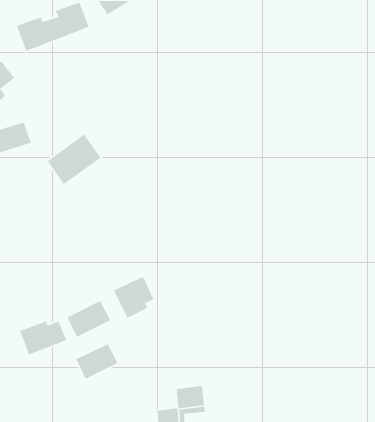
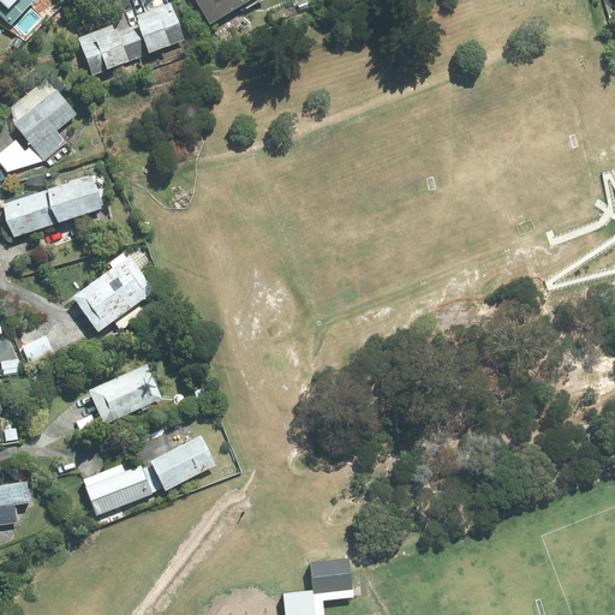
building: [47,134,102,185] -> [73,256,153,330]
building: none -> [89,364,161,424]
building: [113,276,154,319] -> none
building: [75,343,118,380] -> none

